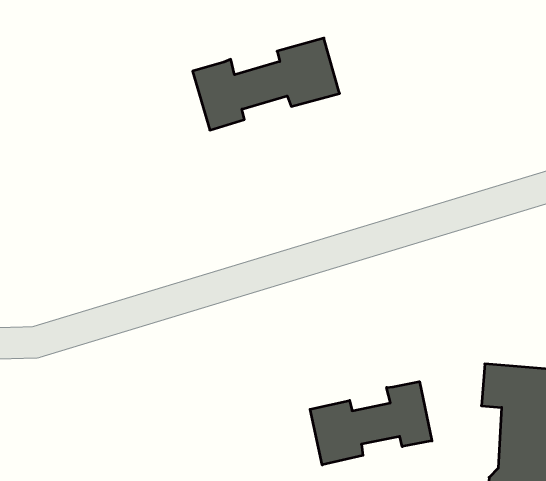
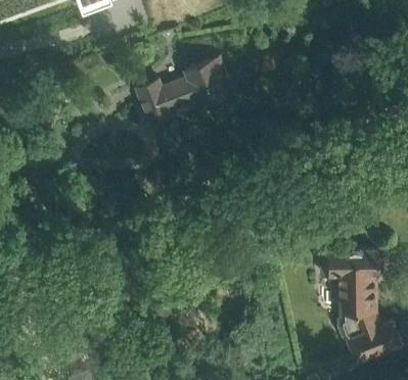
building: [310,382,432,465] -> none

